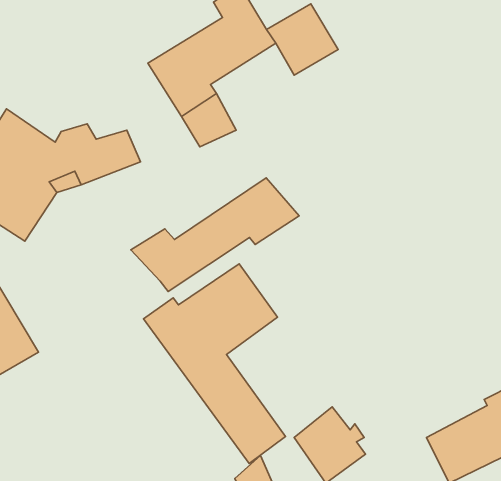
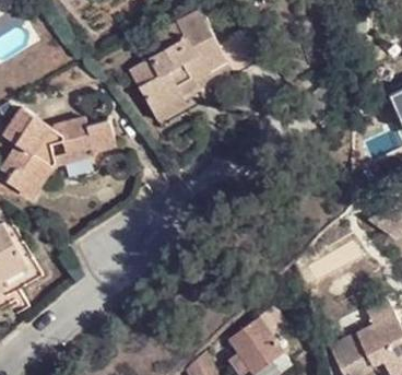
building: [131,178,299,291] -> none
building: [144,264,285,463] -> none

